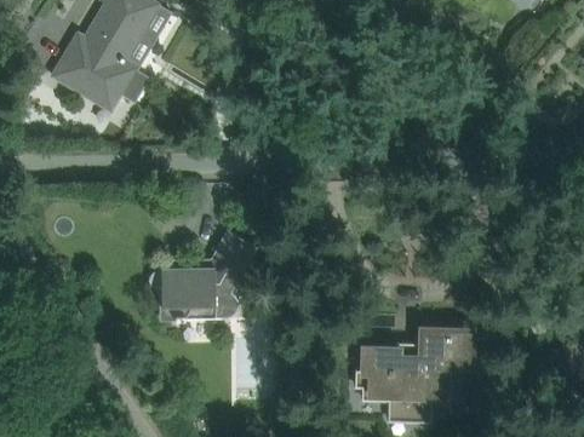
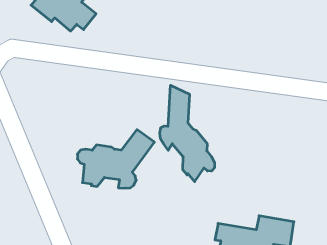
building: none -> [160,85,215,182]

